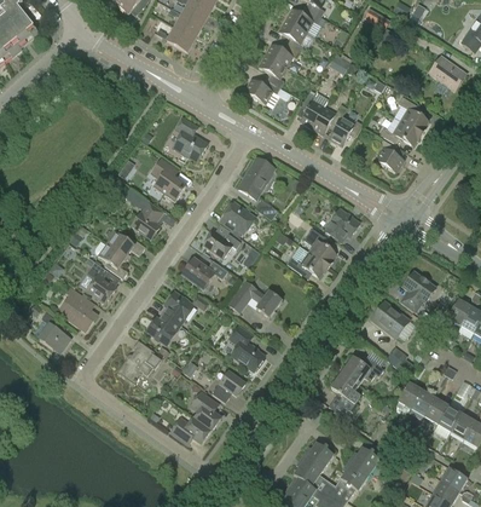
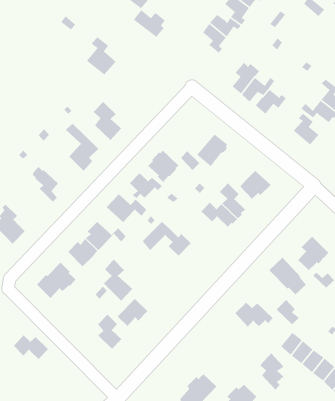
building: [244,79,280,108] -> [133,9,166,38]
building: [174,119,208,161] -> [86,36,116,76]
building: [238,161,272,198] -> [196,134,228,167]
building: [106,231,145,257] -> none
building: [86,261,116,304] -> none
building: [230,325,265,371] -> [103,259,133,301]
building: [330,370,359,411] -> [259,353,284,391]
building: [170,417,210,443] -> [13,334,49,360]

